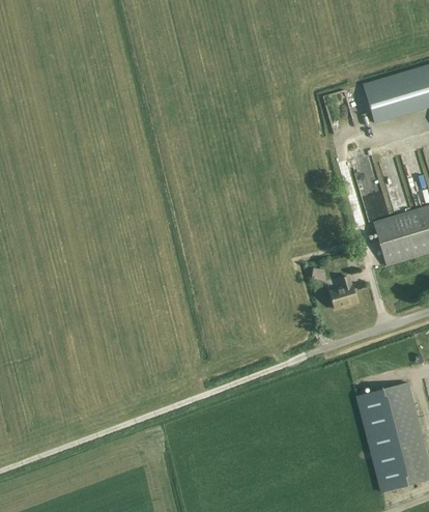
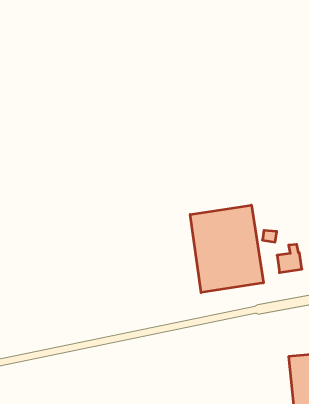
building: none -> [190,205,263,293]

